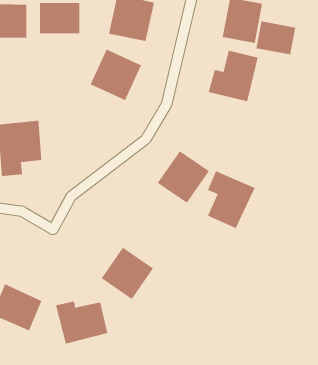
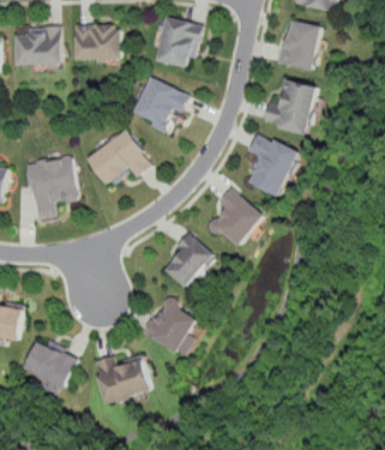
building: [256,20,296,55] -> none
building: none -> [88,127,152,184]
building: [207,171,256,229] -> [246,131,300,196]
building: none -> [161,232,215,287]

